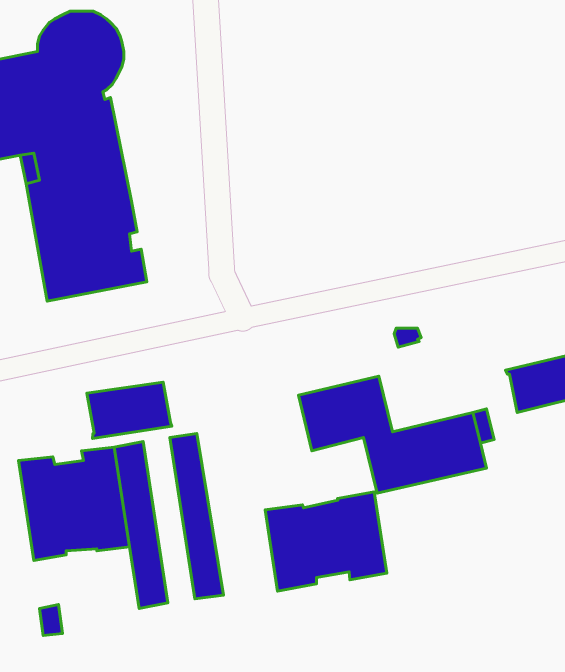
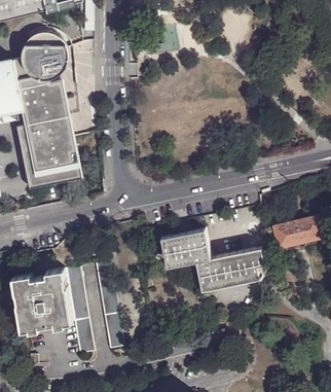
building: [87,382,172,438] -> none
building: [265,492,387,591] -> none

